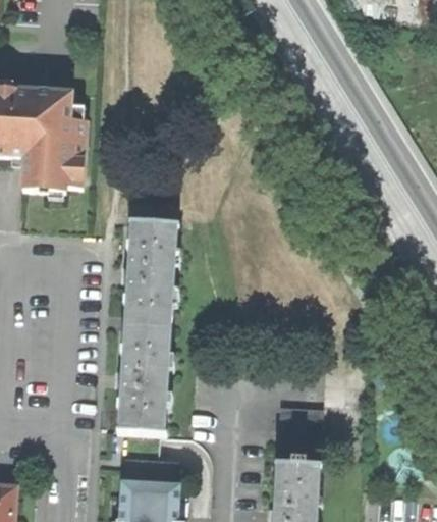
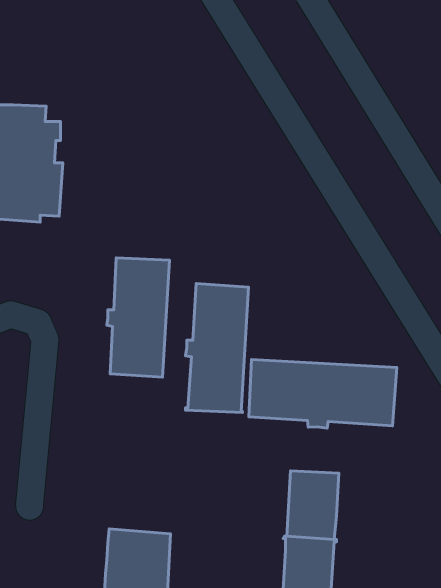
building: none -> [249,360,397,428]
building: [116,322,170,433] -> [186,283,248,413]

